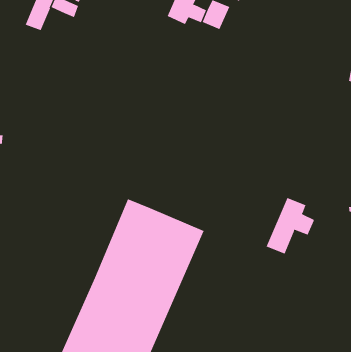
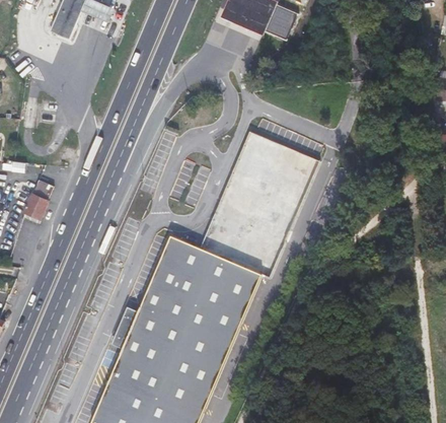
building: none -> [198,132,318,277]
building: none -> [23,181,53,218]
building: [266,197,315,255] -> none

